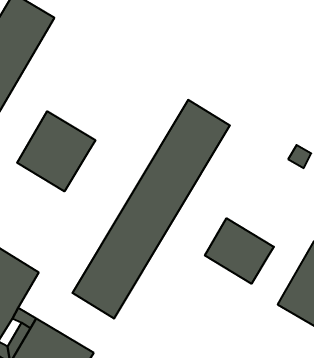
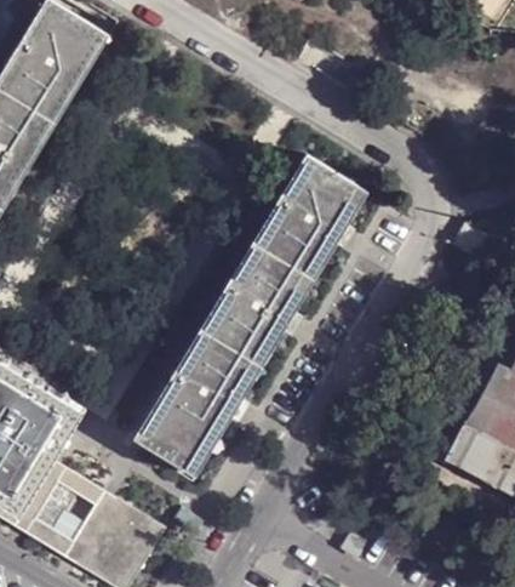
building: [17,111,95,191] -> none
building: [205,218,274,284] -> none

